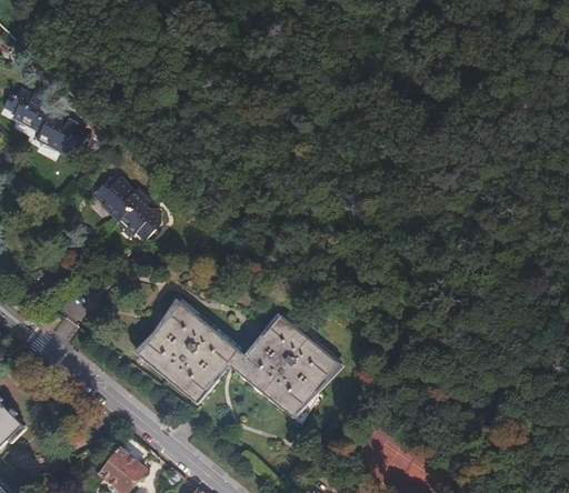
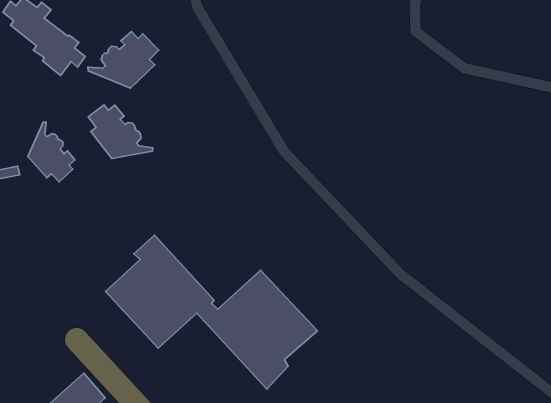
building: none -> [88,32,159,88]
building: none -> [28,122,75,182]

